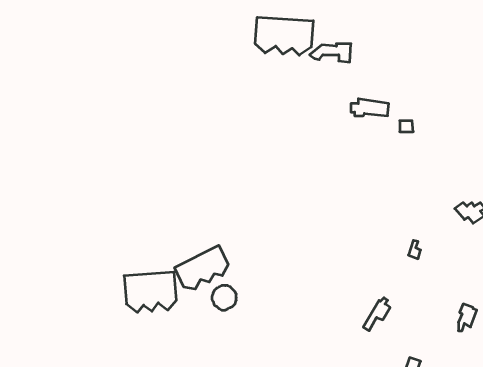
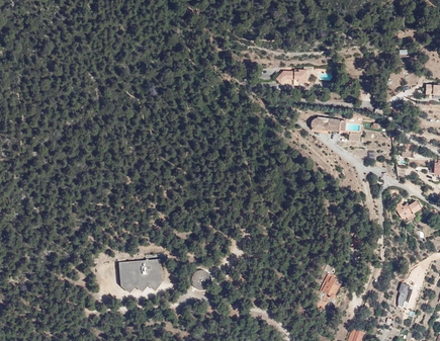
building: [255,17,313,55] -> none
building: [175,245,228,289] -> none

